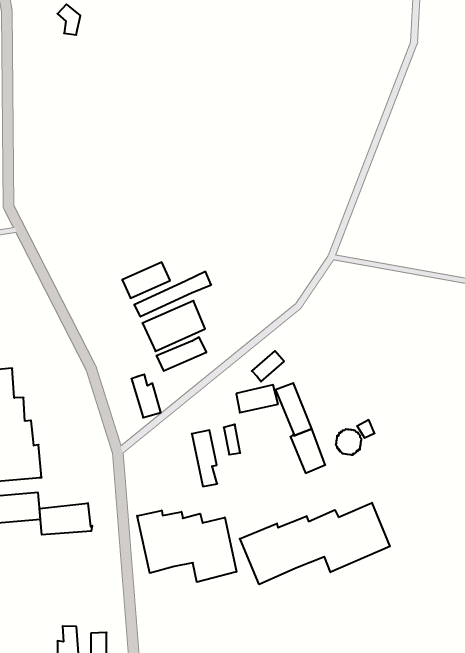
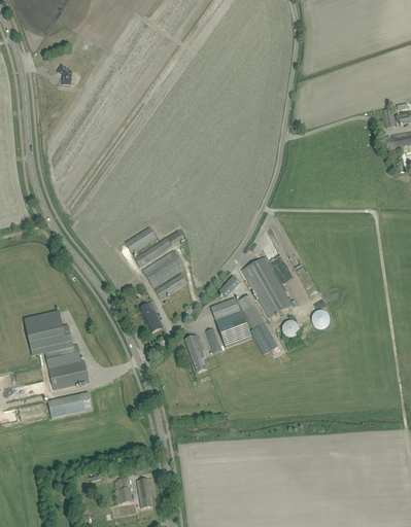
building: none -> [241,256,290,317]
building: none -> [215,311,250,347]
building: [240,503,390,584] -> none
building: [40,503,92,535] -> none
building: [137,510,236,582] -> none

